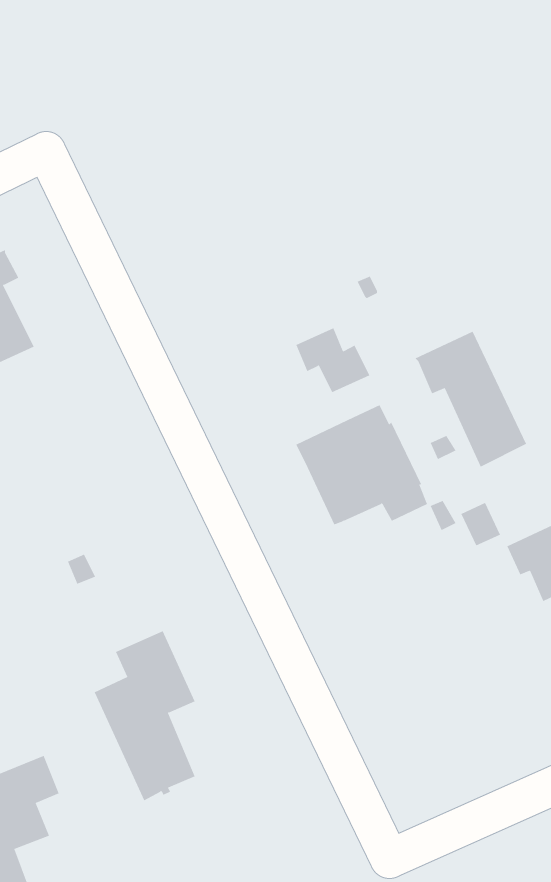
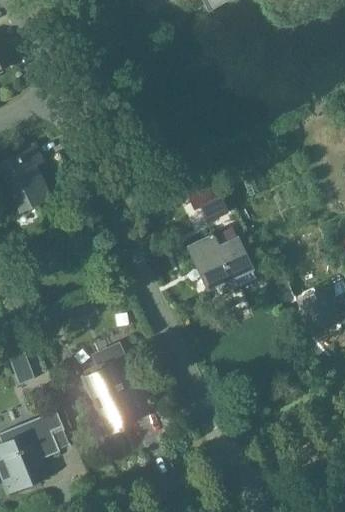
building: [415,331,527,468] -> none

